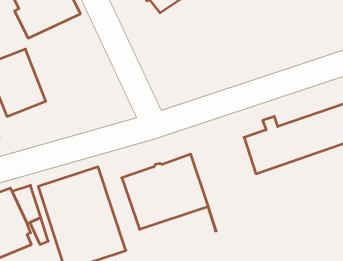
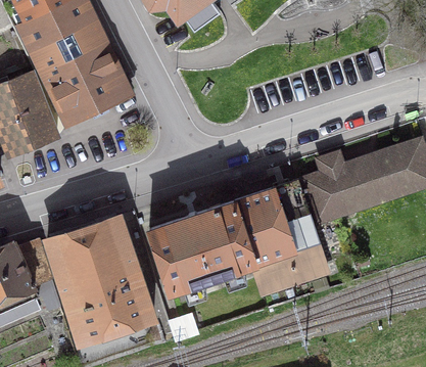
building: none -> [35,30,130,124]
building: none -> [232,180,327,293]

